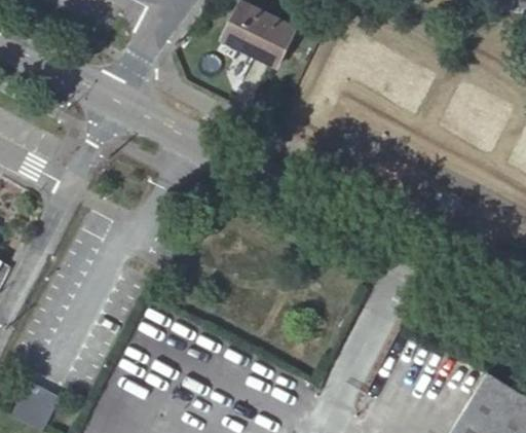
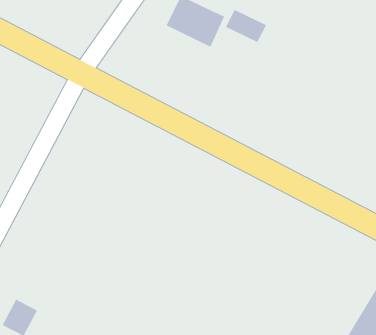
building: none -> [225,9,267,43]

